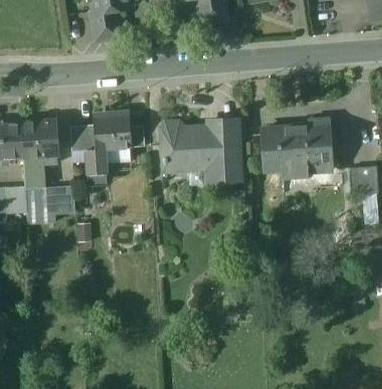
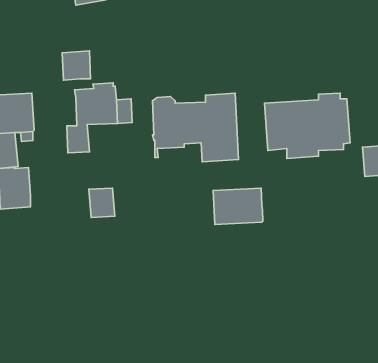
building: [71,124,96,150] -> [62,51,91,80]
building: [53,185,76,211] -> [89,188,115,217]
building: none -> [213,188,263,225]

